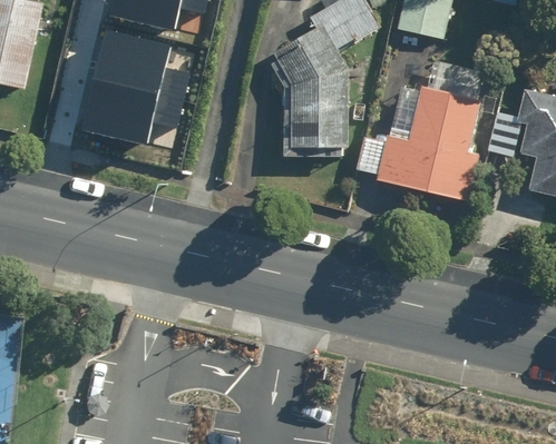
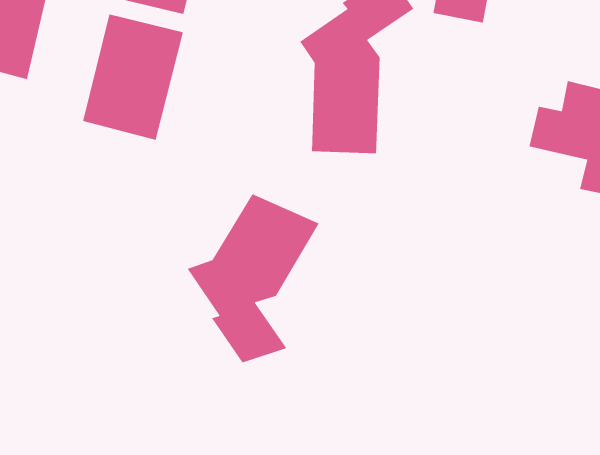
building: [357,59,487,200] -> none
building: none -> [186,193,320,363]

